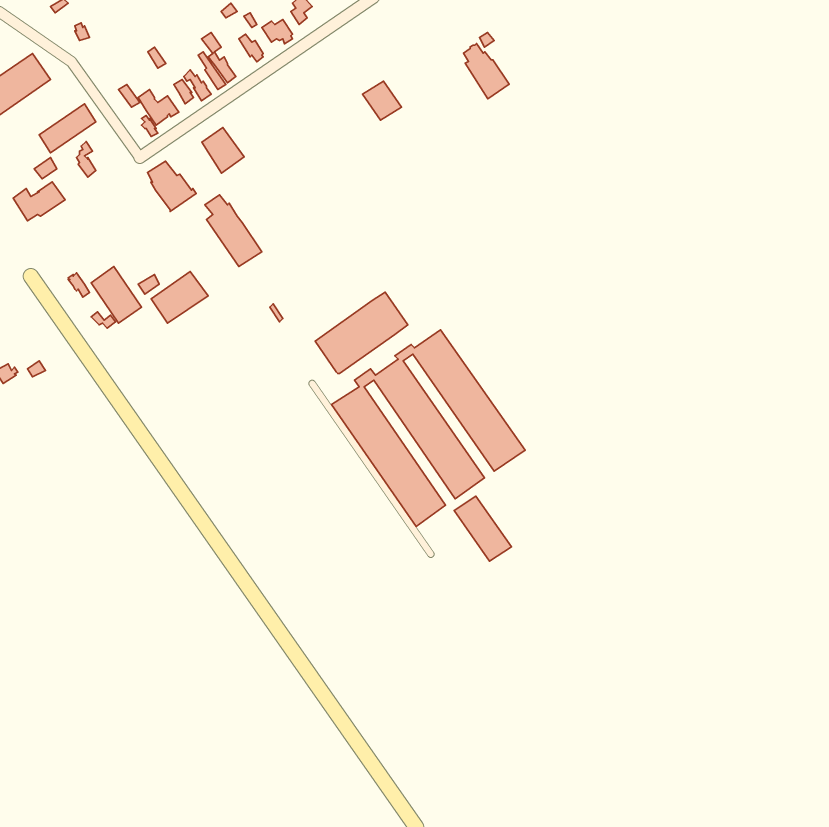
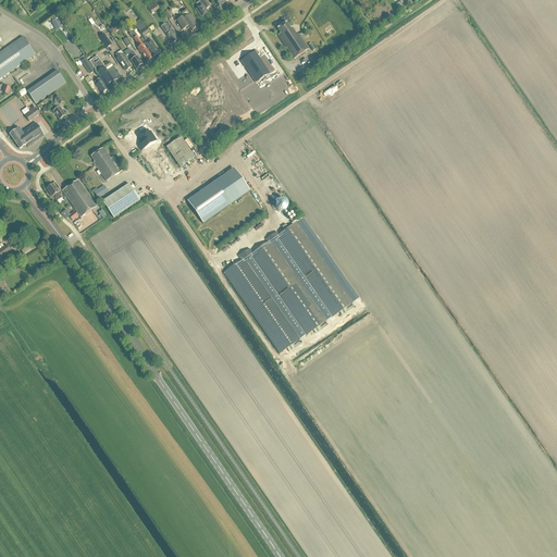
building: [464,44,509,99] -> [276,21,307,58]
building: [202,128,244,173] -> [165,136,194,166]
building: [147,161,196,211] -> [90,147,123,181]
building: [315,292,408,373] -> [186,168,248,222]
building: [454,496,512,561] -> none

